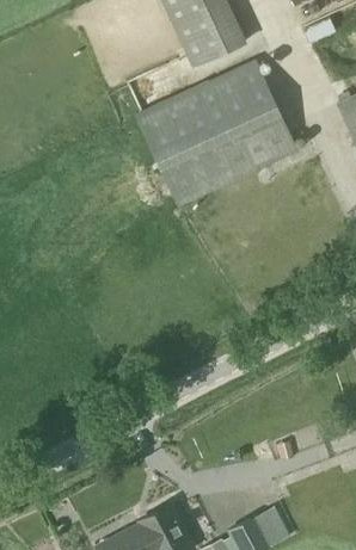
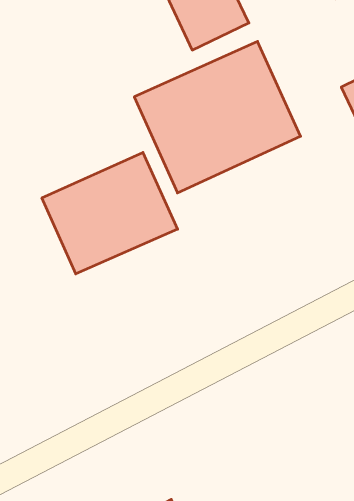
building: none -> [42,152,178,274]

